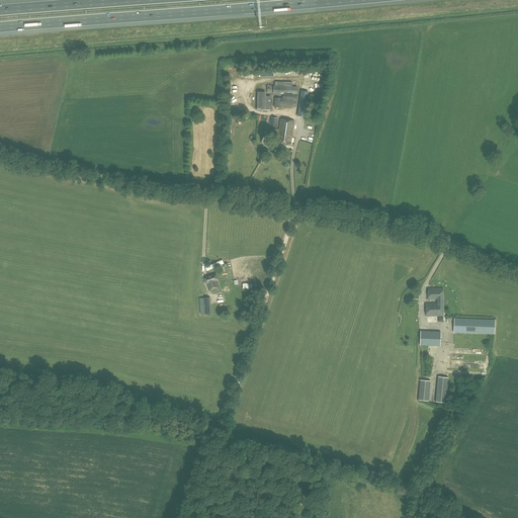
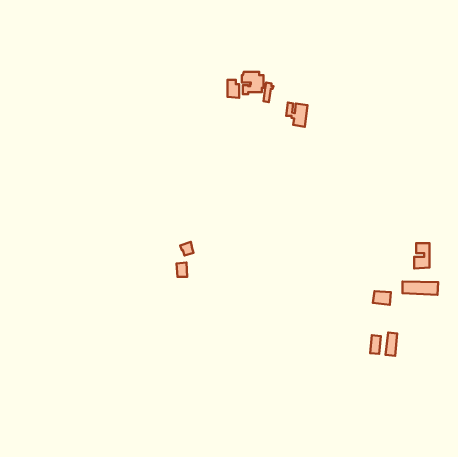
building: [269,116,293,144] -> [286,102,308,127]
building: [426,287,443,316] -> [414,243,430,268]

